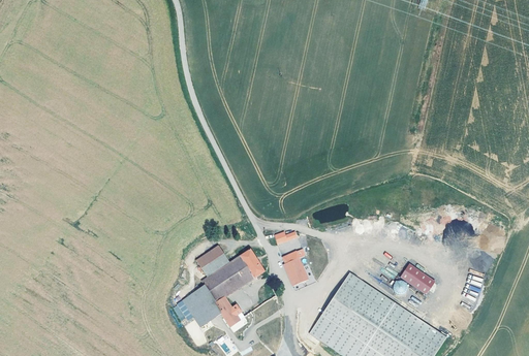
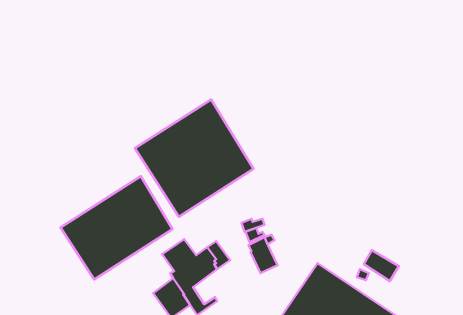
building: none -> [135,100,253,217]
building: none -> [61,176,173,279]

